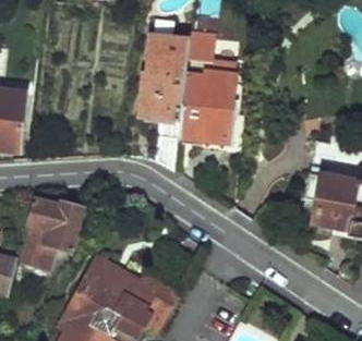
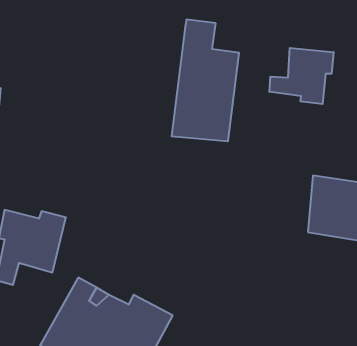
building: [137,35,190,169] -> none
building: none -> [269,48,334,104]

